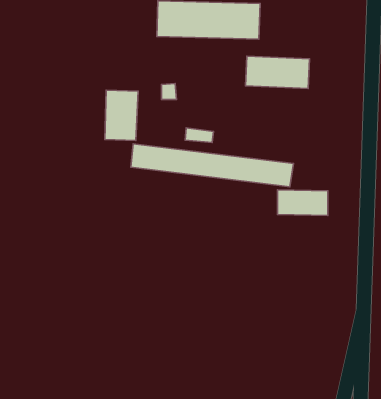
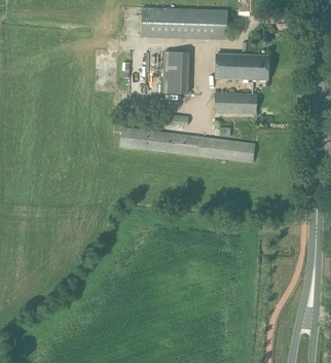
building: [105,90,138,141] -> [162,50,190,93]
building: [277,190,328,216] -> [215,92,257,113]

